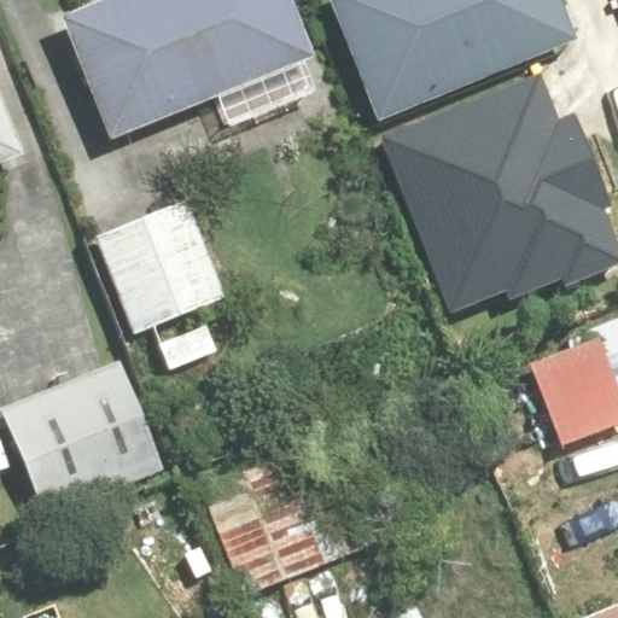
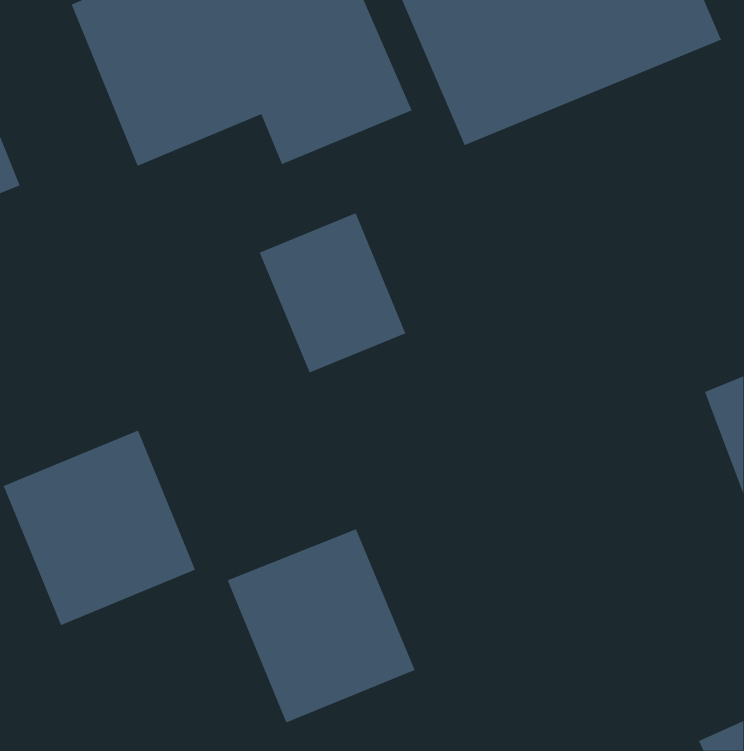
building: [391,97,601,317] -> none
building: [99,199,220,331] -> [259,213,406,373]

